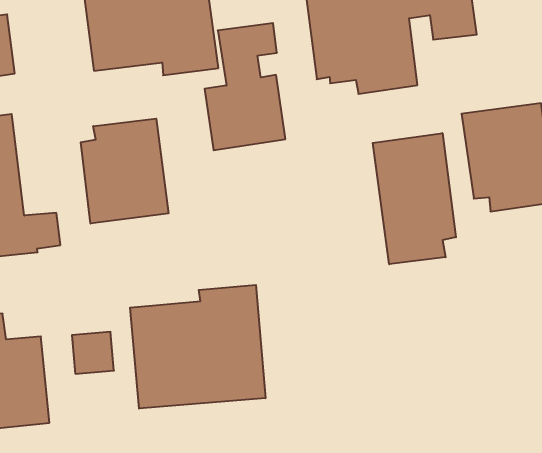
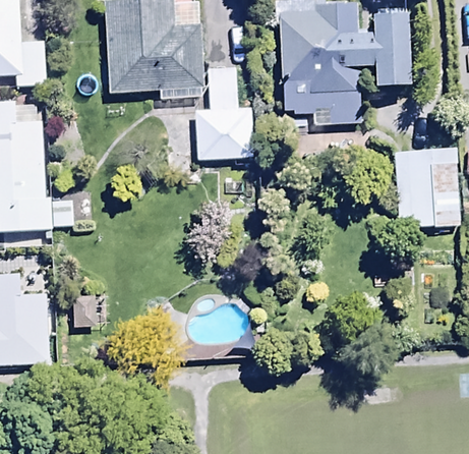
building: [81,119,168,224] -> none
building: [373,133,456,264] -> none
building: [130,285,265,409] -> none

